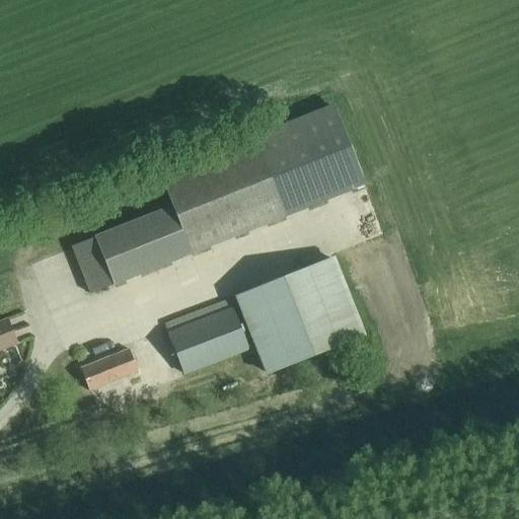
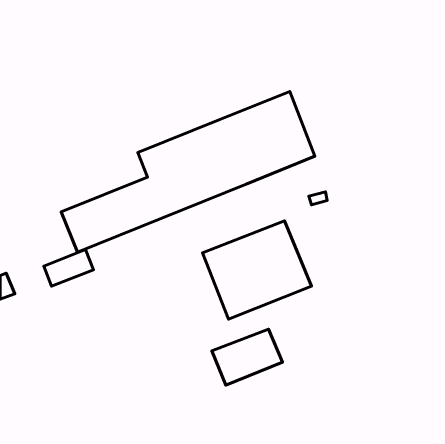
building: [167,308,249,373] -> [212,329,283,385]
building: [81,348,139,390] -> [44,250,93,286]

